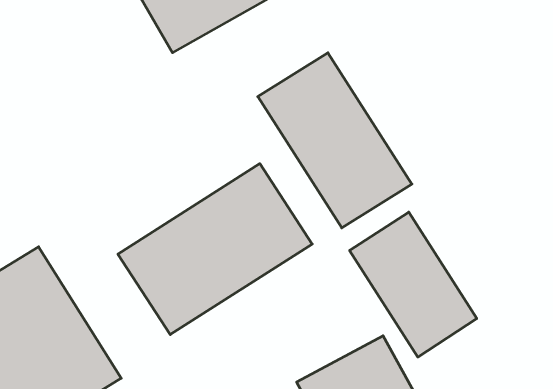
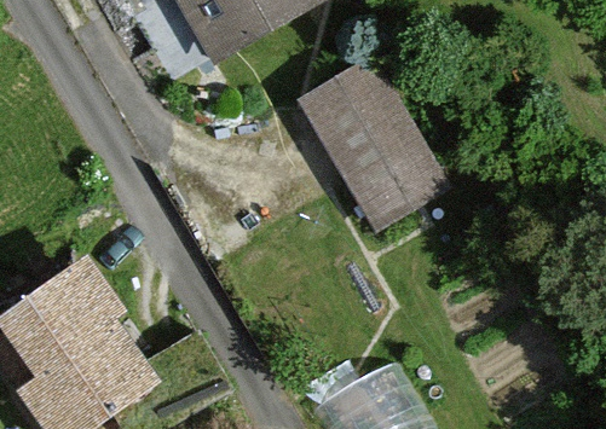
building: [118,164,312,335] -> none
building: [350,212,477,357] -> none

